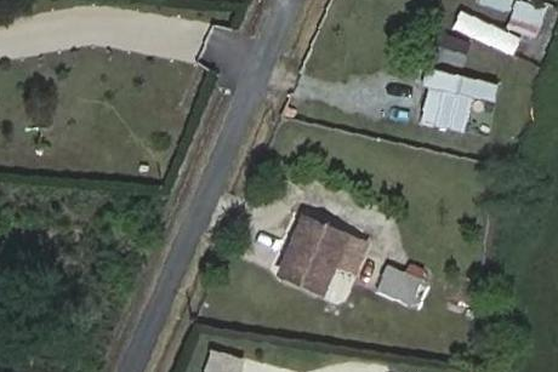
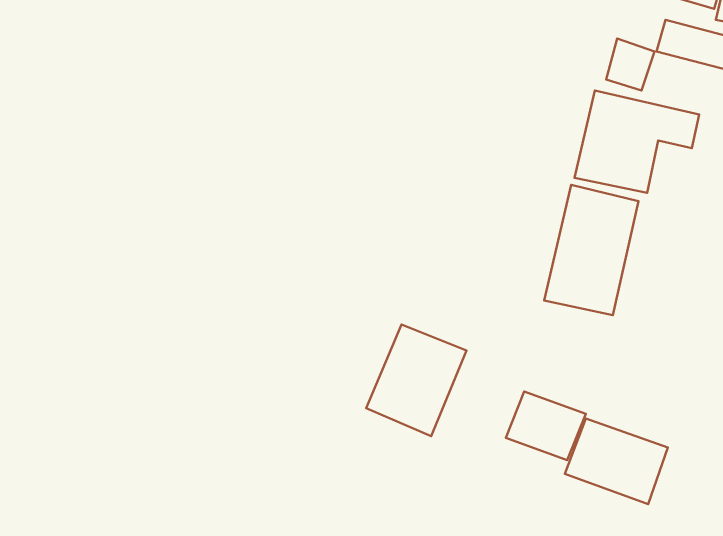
building: none -> [544,185,638,315]
building: none -> [565,419,668,504]

